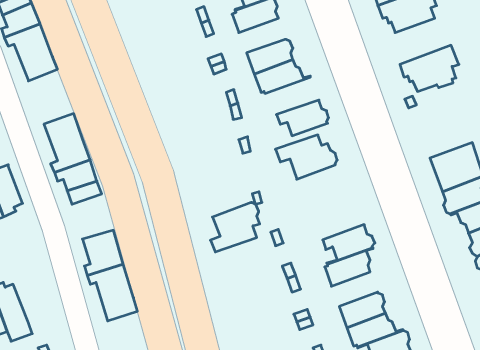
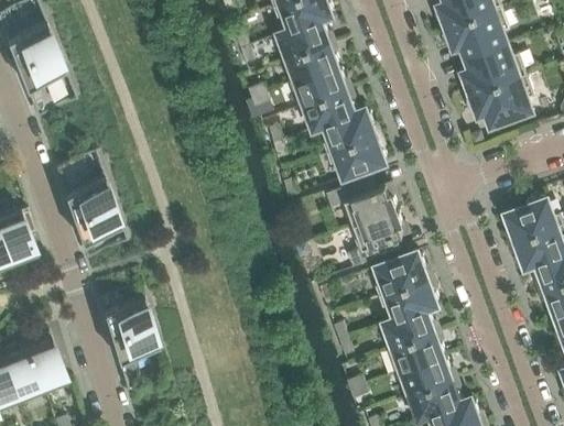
building: none -> [283,43,338,83]
building: none -> [462,43,525,96]
building: none -> [313,110,375,153]
building: none -> [375,252,426,296]
building: [210,203,260,252] -> [347,210,403,266]
building: none -> [25,331,67,391]
building: none -> [389,332,444,372]

